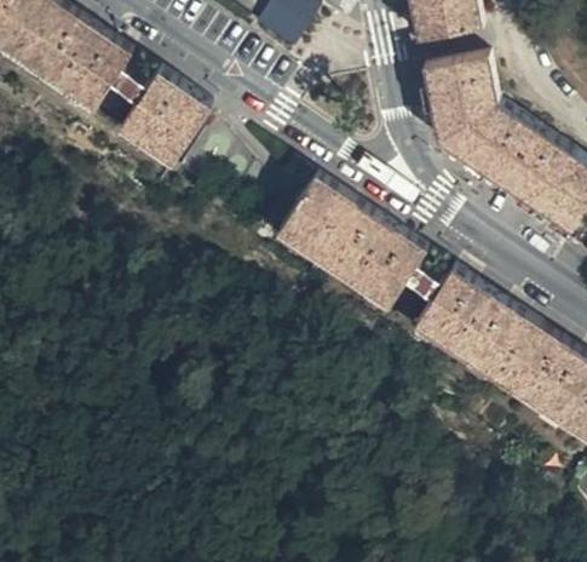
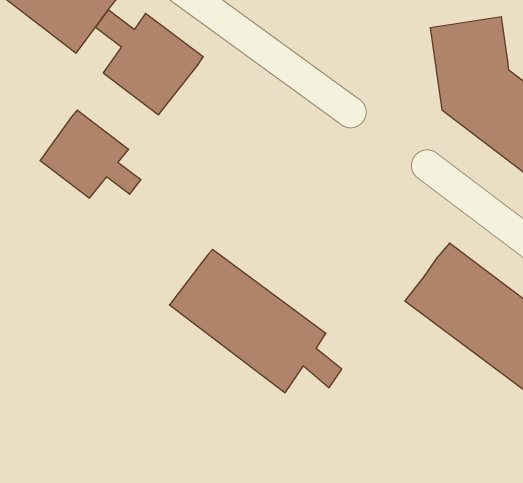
building: none -> [40,110,141,198]
building: [277,179,443,310] -> [169,249,342,393]

